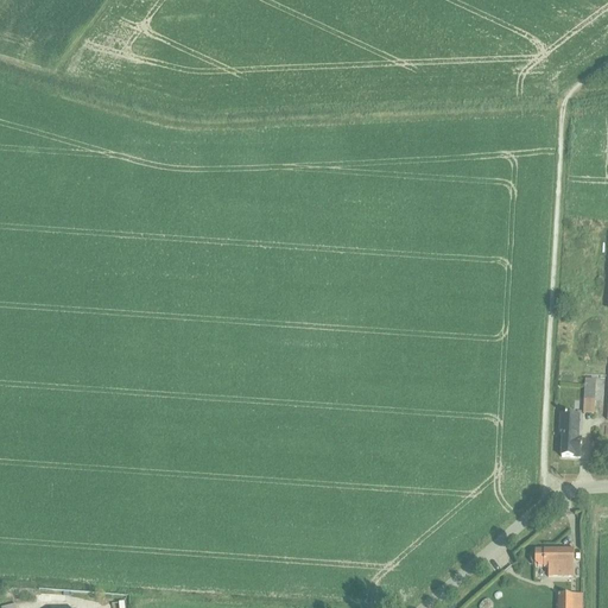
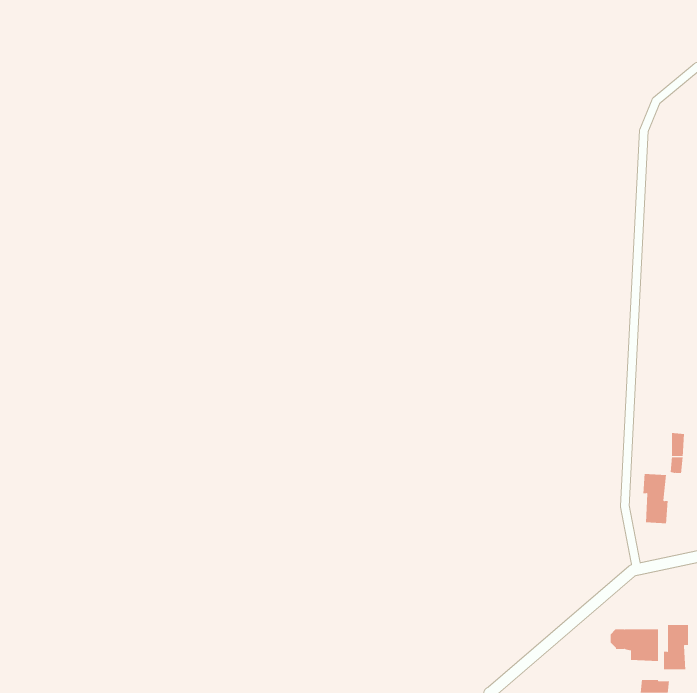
building: none -> [663,624,688,670]

